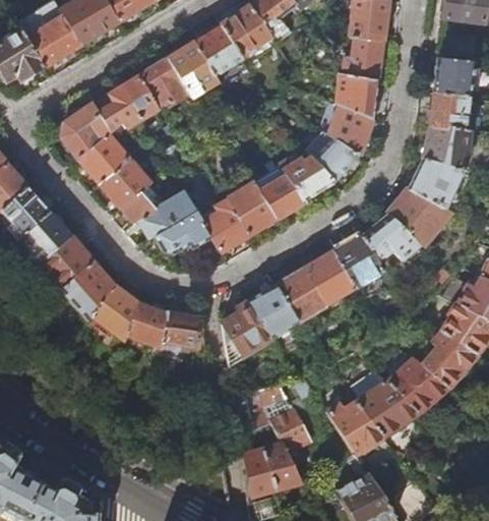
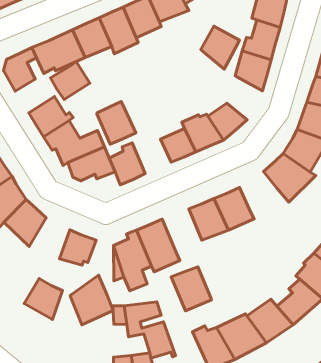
building: [328,106,372,155] -> [201,26,240,69]
building: [82,135,129,182] -> [51,61,90,100]
building: [228,182,277,234] -> [97,101,136,144]
building: [361,213,405,263] -> none
building: [276,269,326,323] -> [171,267,211,311]
building: [126,302,169,348] -> [24,279,63,320]
building: none -> [70,275,113,325]

